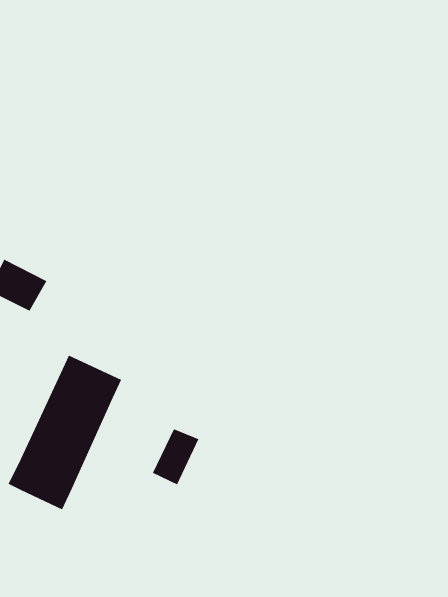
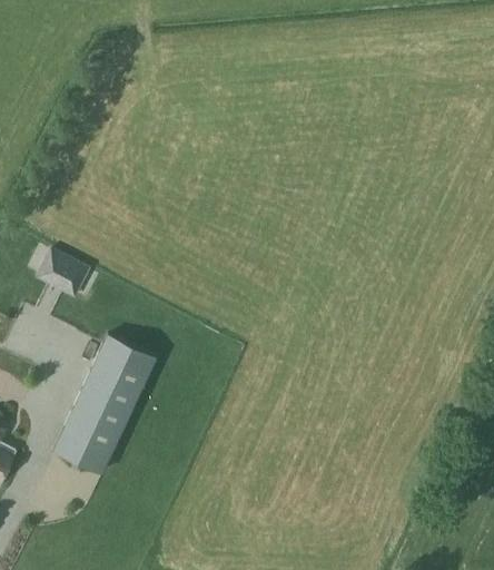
building: [152,428,199,486] -> none

